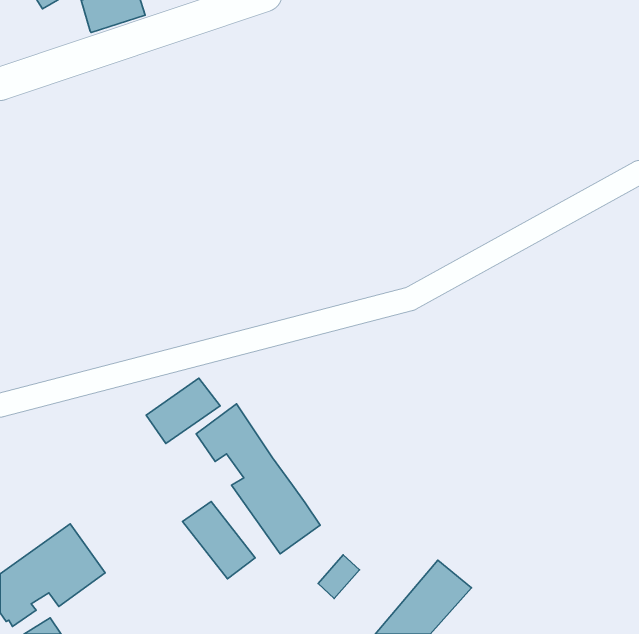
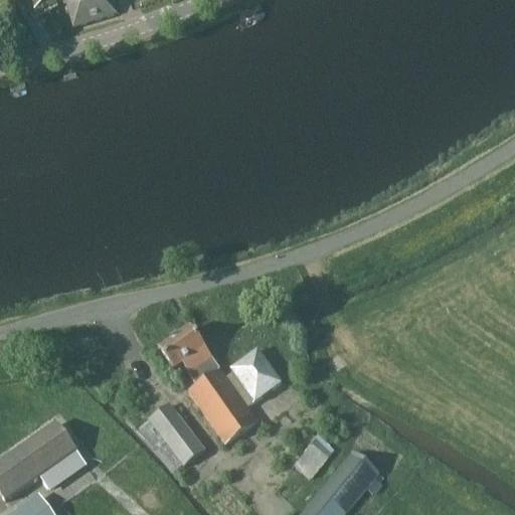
building: [146,378,220,443] -> none
building: none -> [228,349,282,404]
building: [318,555,359,599] -> [299,438,332,473]

